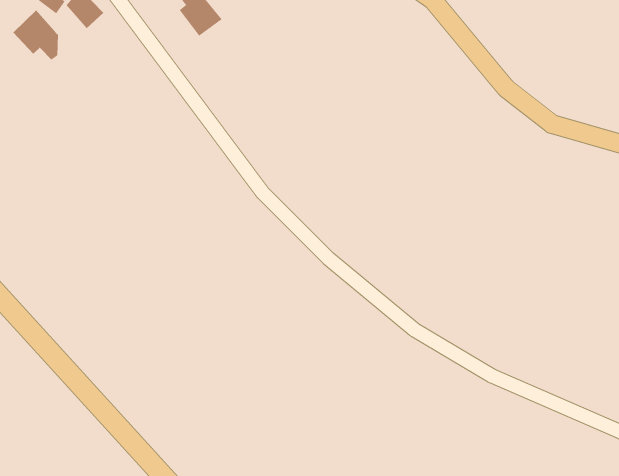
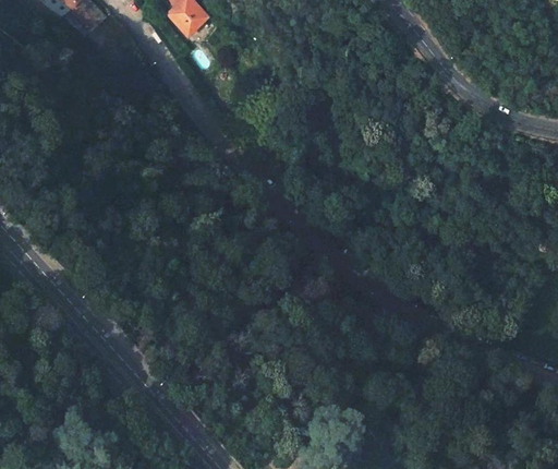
building: [12,9,59,61] -> none

